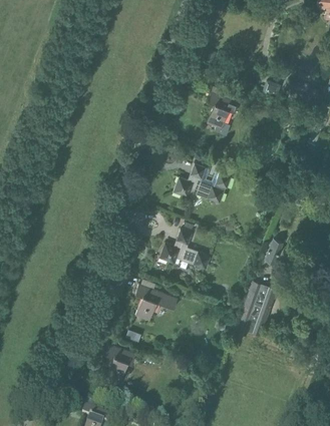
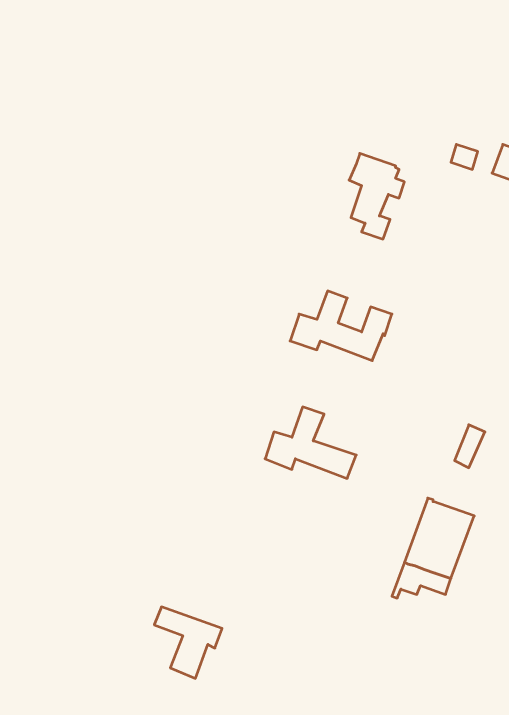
building: [135,285,178,321] -> none

